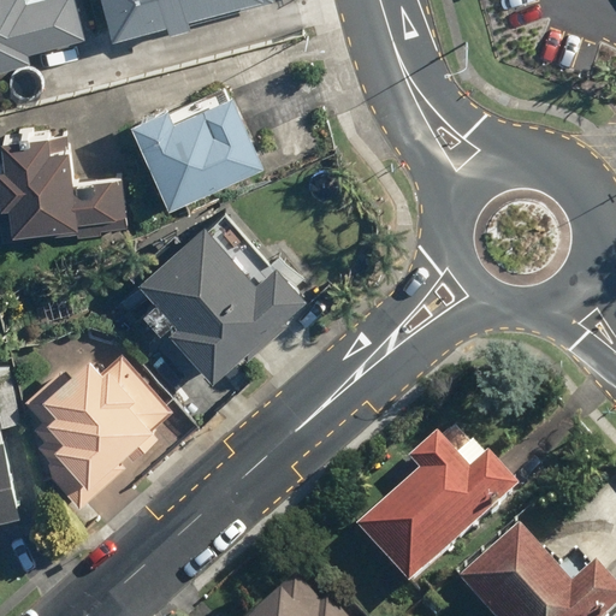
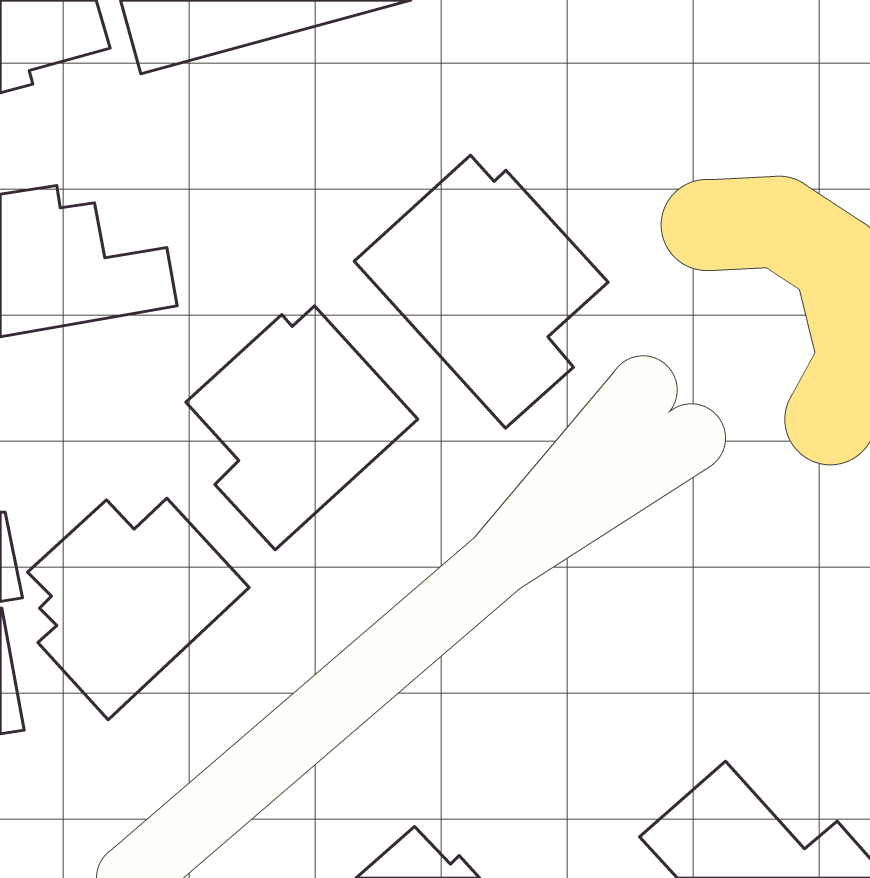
building: [128,93,261,209] -> none
building: none -> [354,155,608,428]
building: [356,438,515,592] -> none

